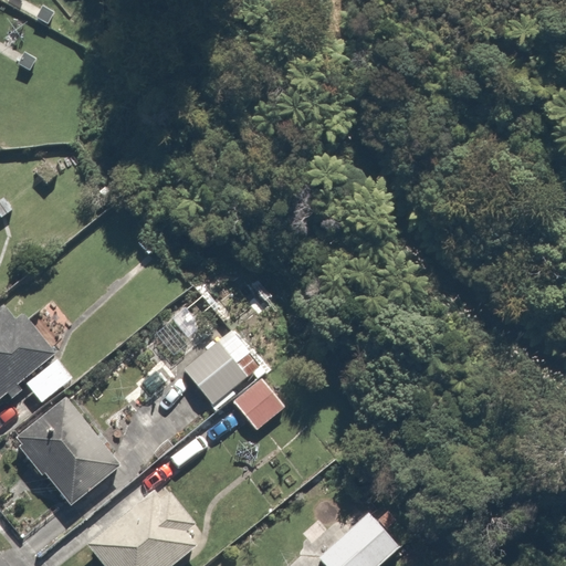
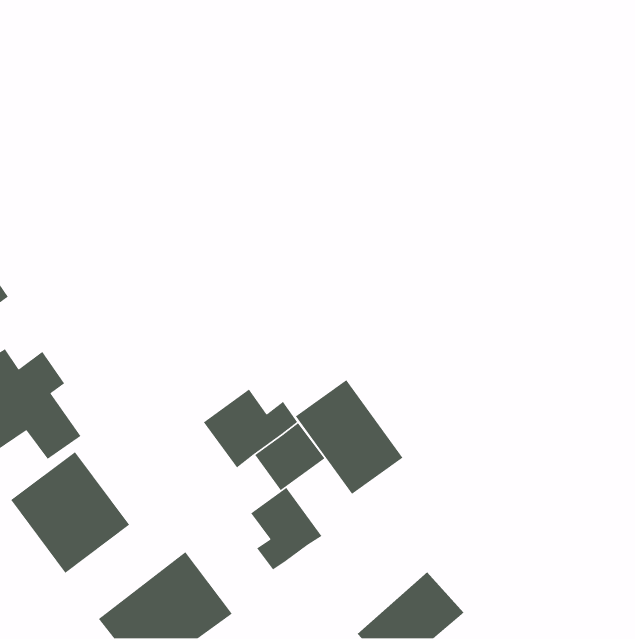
building: none -> [295,379,403,495]
building: none -> [250,487,322,570]

